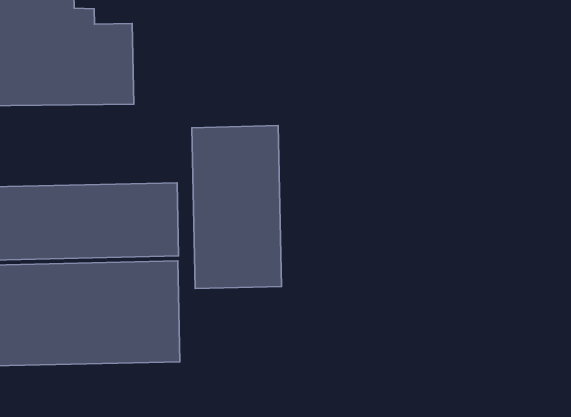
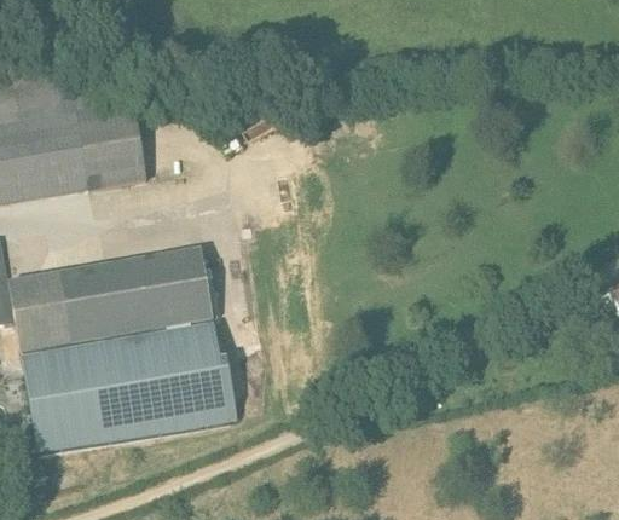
building: [192,126,282,289] -> none

